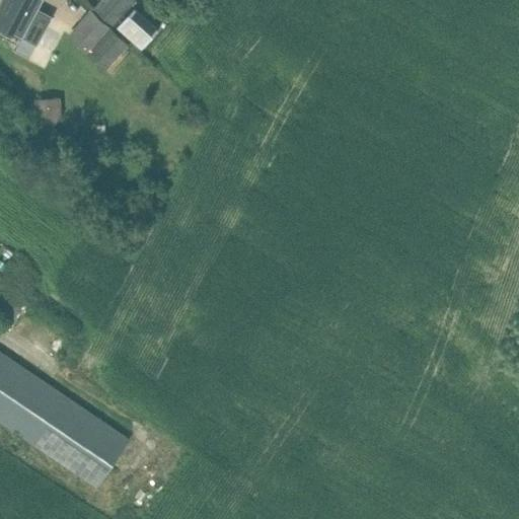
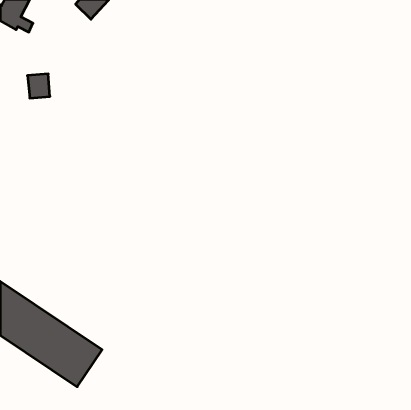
building: [117,6,158,48] -> none
building: [68,10,129,68] -> none

